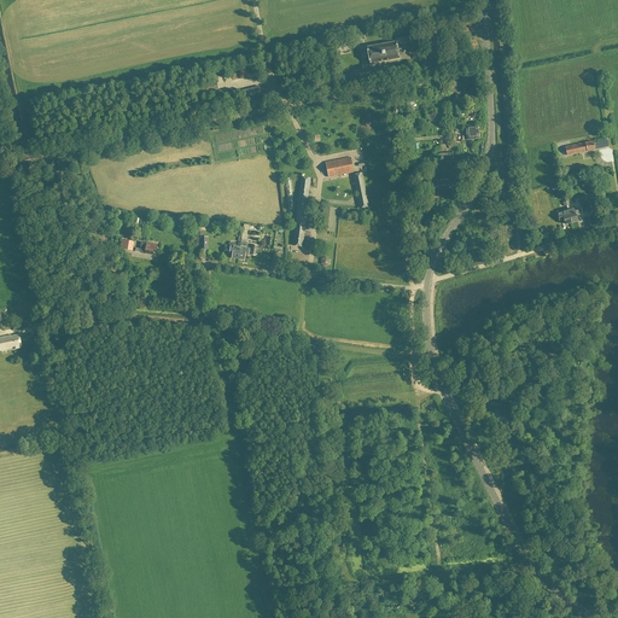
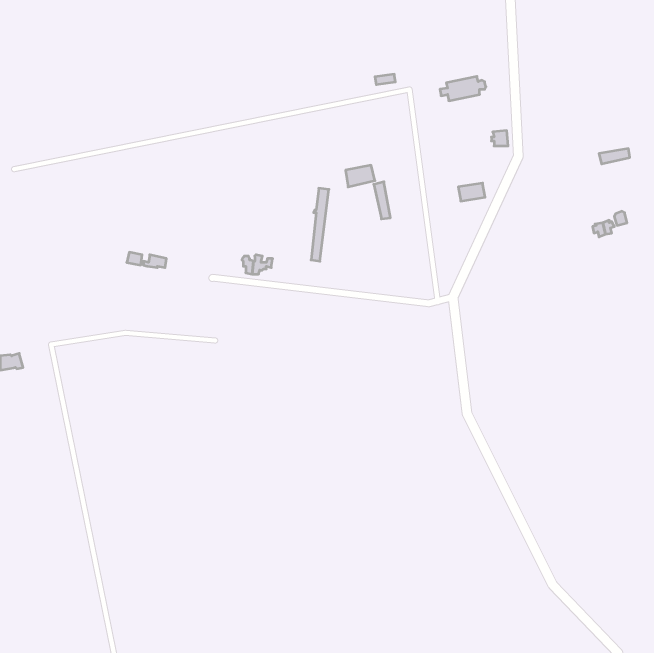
building: [361,40,404,63] -> [440,76,486,101]

